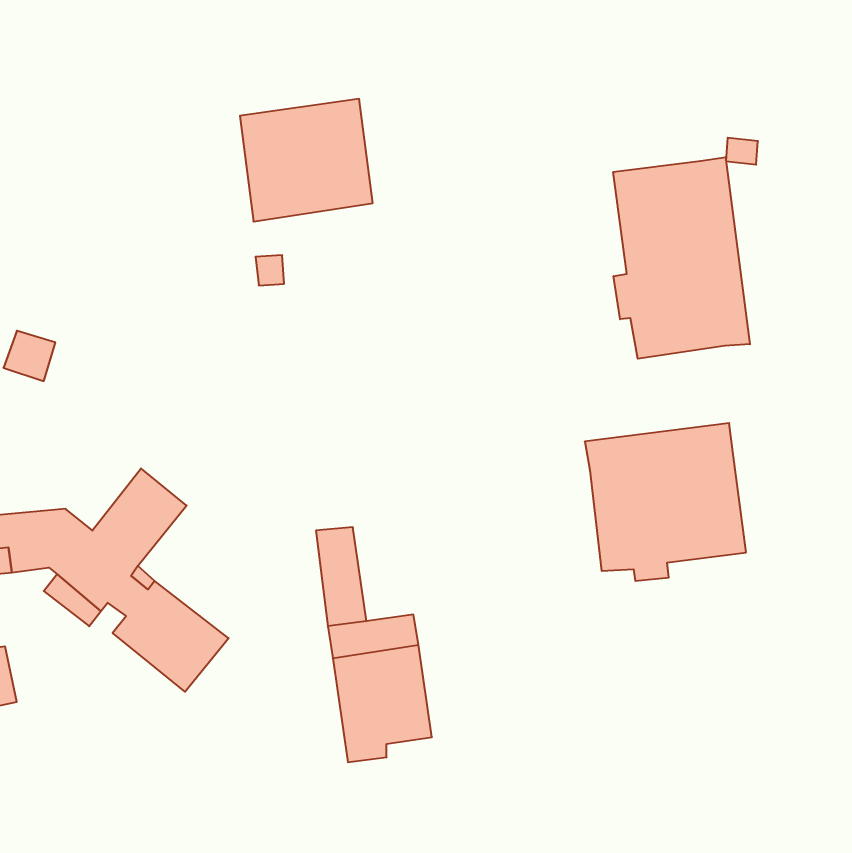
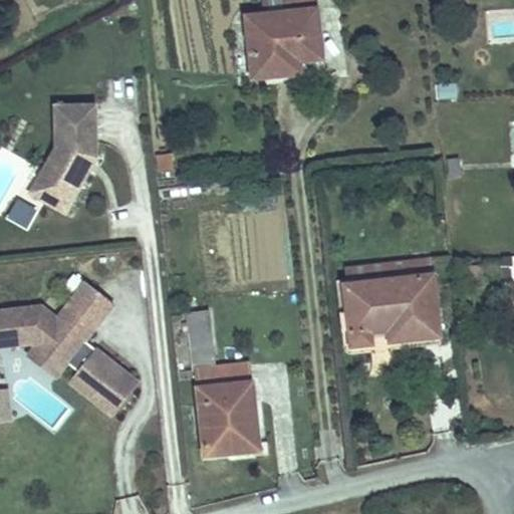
building: [240,99,373,222] -> [241,8,320,81]
building: [613,157,750,359] -> none
building: none -> [33,103,94,211]

